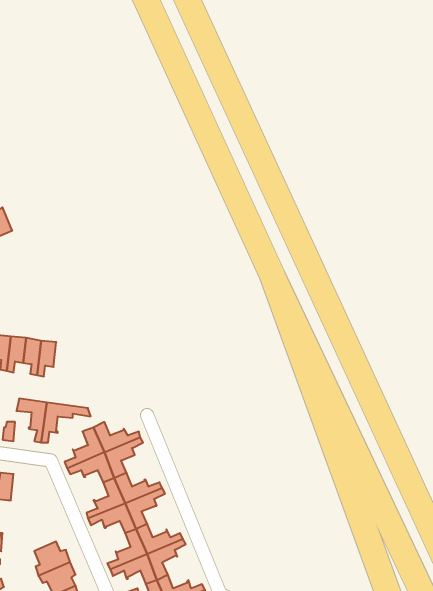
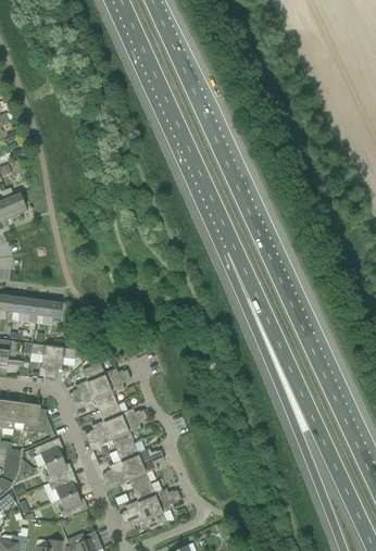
building: none -> [23,403,47,433]
building: none -> [34,437,63,464]

